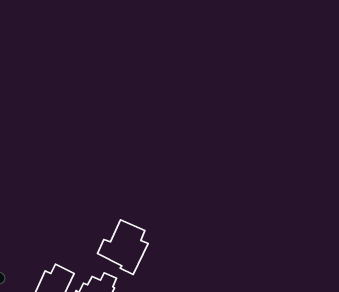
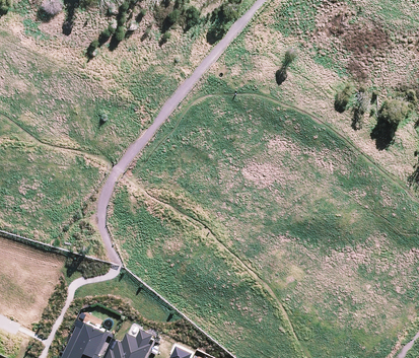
building: [97,220,148,275] -> none

